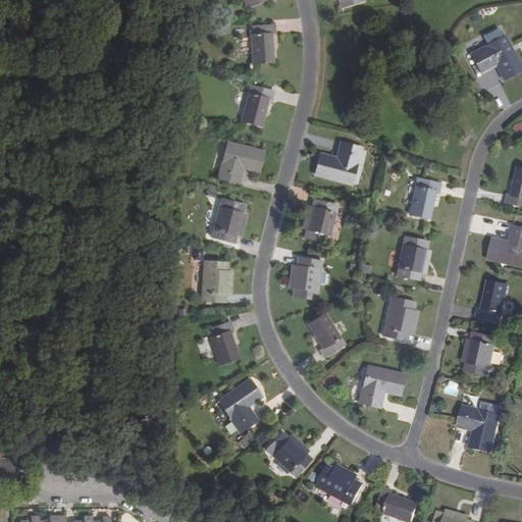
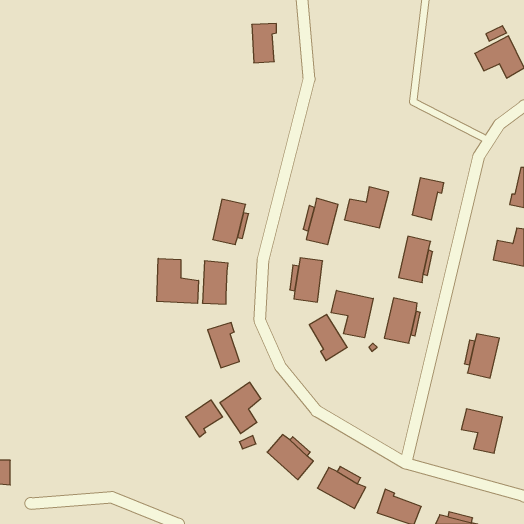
building: [240,84,272,125] -> none
building: [217,142,263,182] -> none
building: [315,142,359,182] -> [344,187,389,228]
building: none -> [157,258,198,303]
building: [475,279,508,320] -> none
building: none -> [331,290,373,338]
building: [359,366,403,406] -> none
building: none -> [186,400,223,437]

